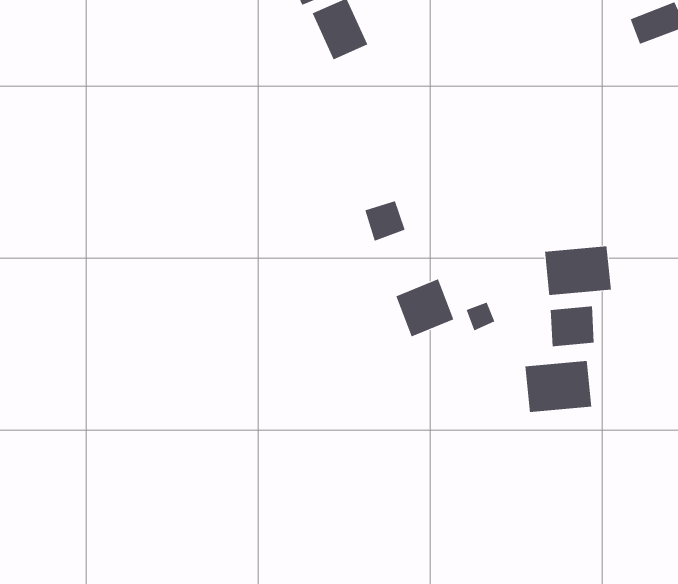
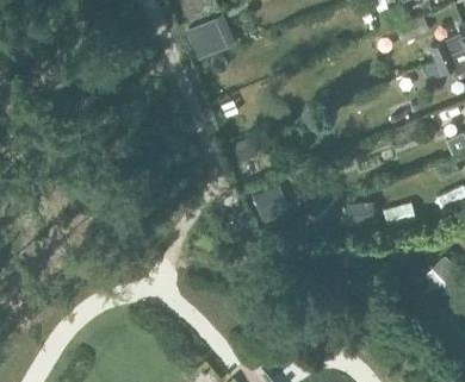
building: [544,246,611,296] -> none
building: [525,360,592,413] -> none

